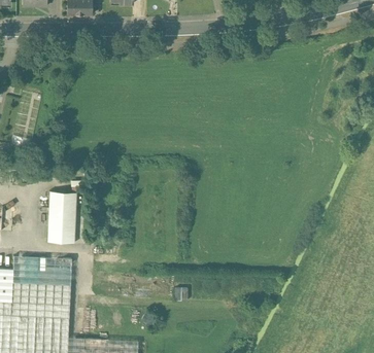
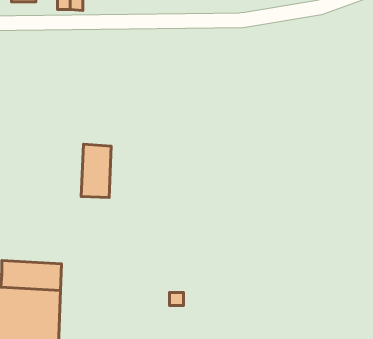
building: [47,191,76,243] -> [81,144,111,198]

